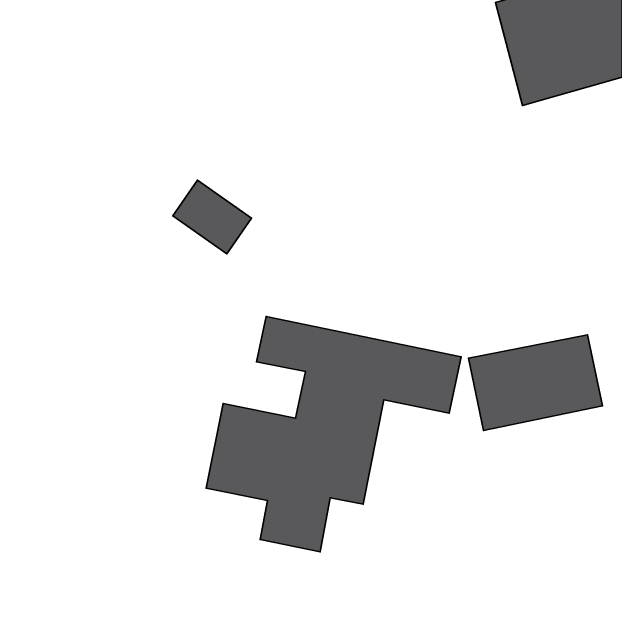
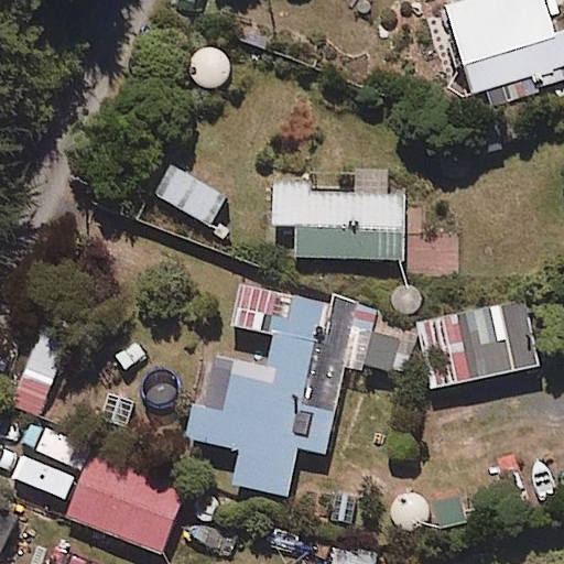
building: none -> [271,151,403,259]
building: none -> [65,453,185,554]

